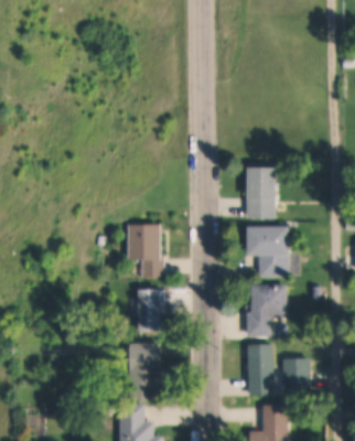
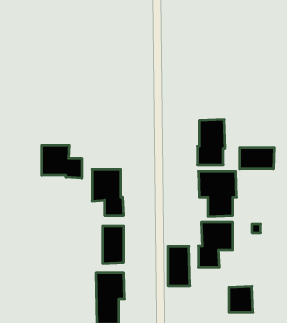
building: none -> [42,145,82,178]
building: none -> [240,148,274,169]
building: [247,345,272,390] -> [168,246,190,286]

